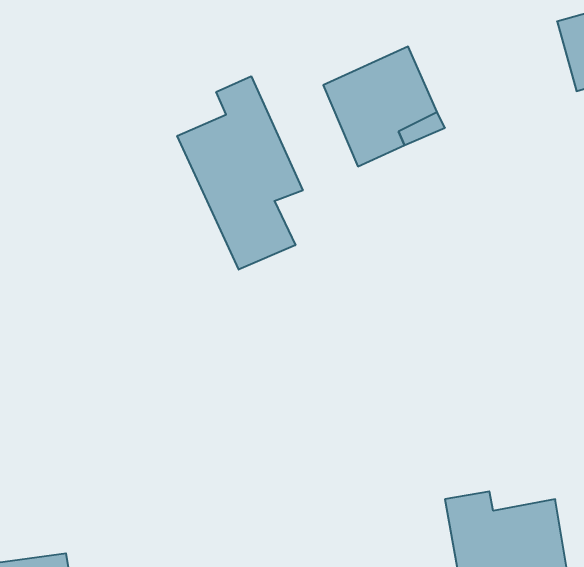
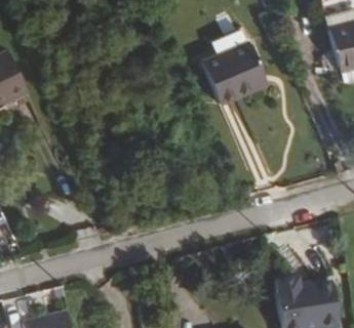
building: [177,76,303,270] -> none

